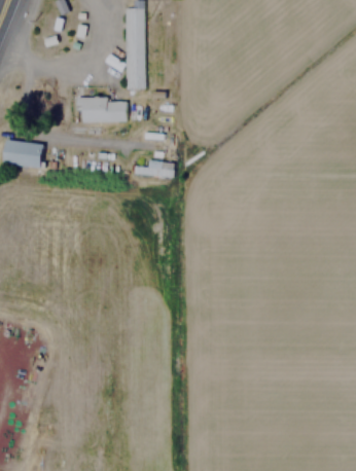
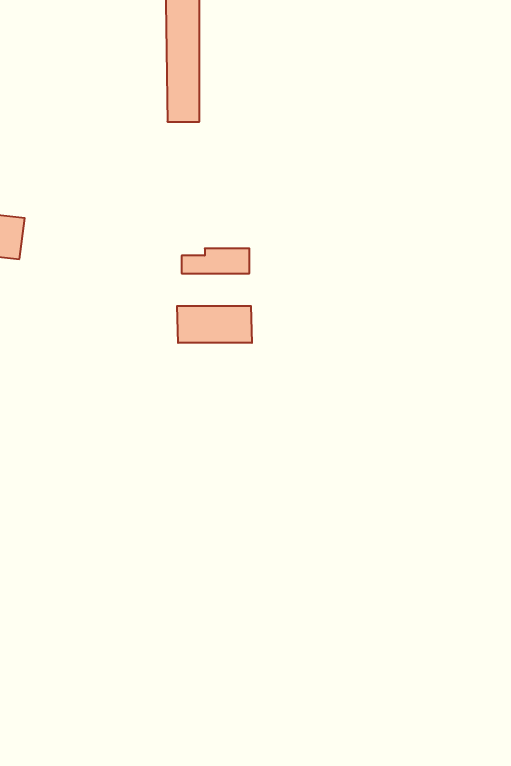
building: [79,98,128,121] -> none
building: none -> [177,306,252,343]

